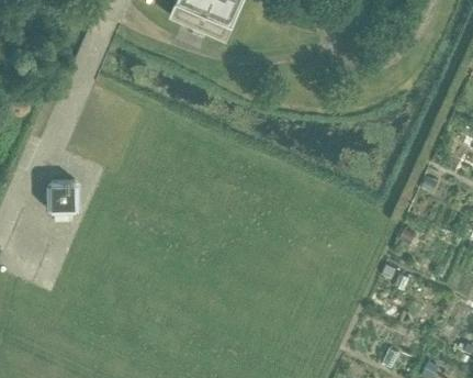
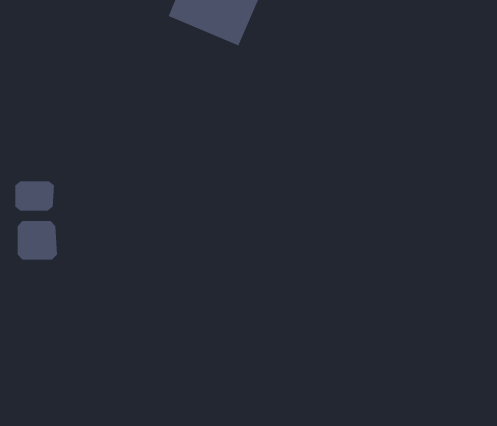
building: none -> [15,181,54,212]

